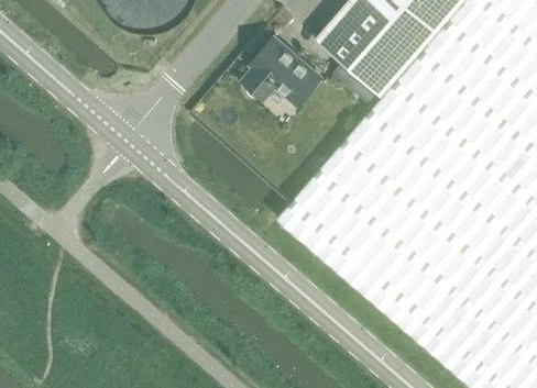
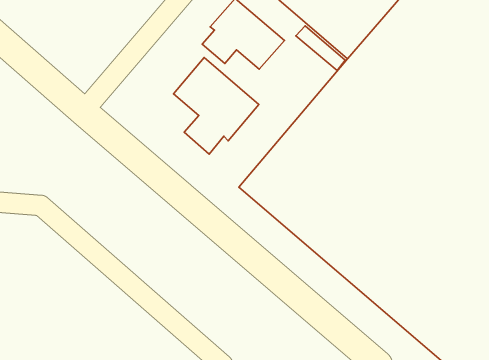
building: none -> [174,57,259,154]

